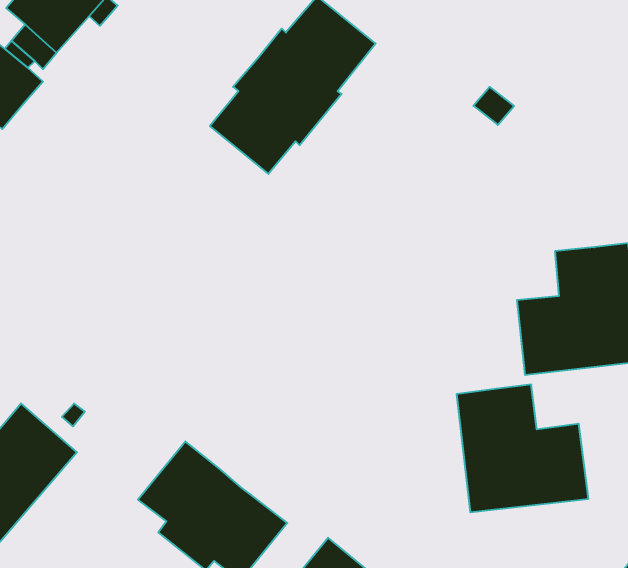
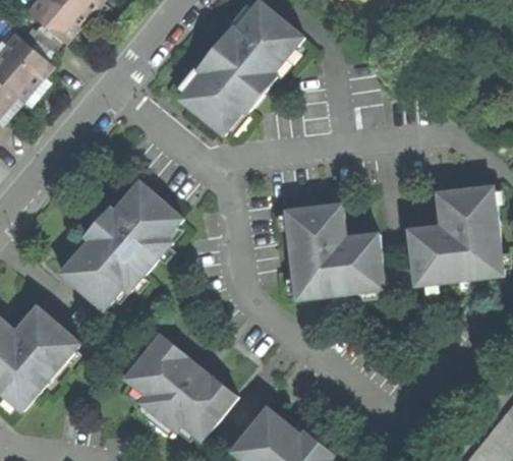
building: none -> [60,181,181,309]
building: [457,385,588,512] -> [285,204,384,299]

